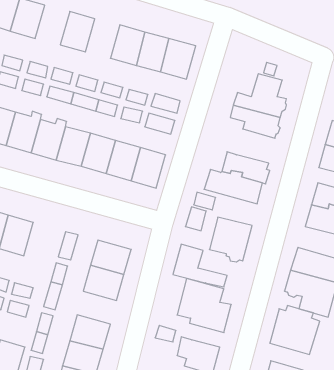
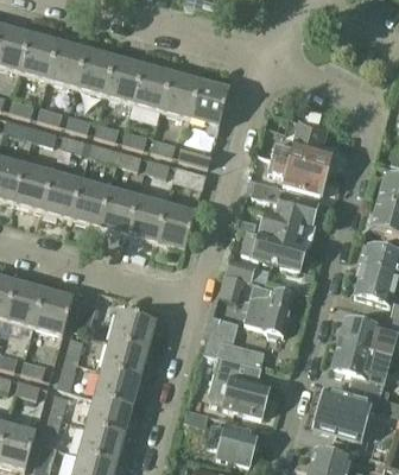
building: none -> [46,42,86,87]
building: none -> [103,57,142,102]
building: none -> [252,177,317,222]
building: none -> [33,290,72,342]
building: none -> [94,368,139,406]

